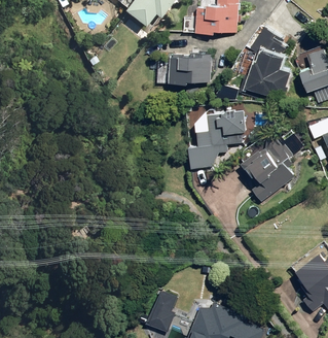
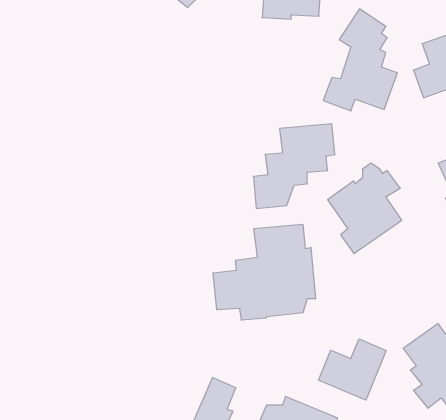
building: [170,50,213,82] -> none
building: none -> [213,224,316,320]
building: none -> [319,339,386,400]

